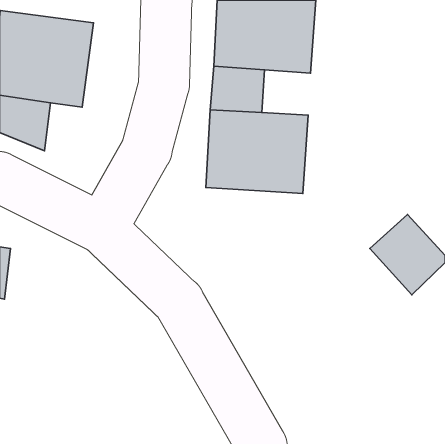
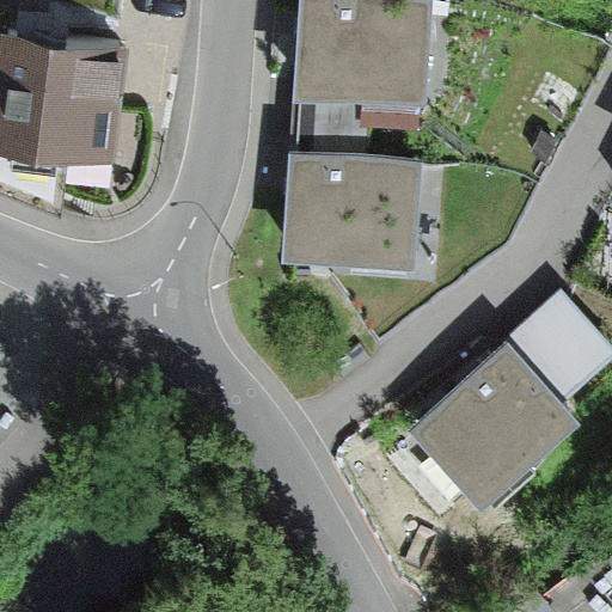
building: none -> [406,341,577,510]

